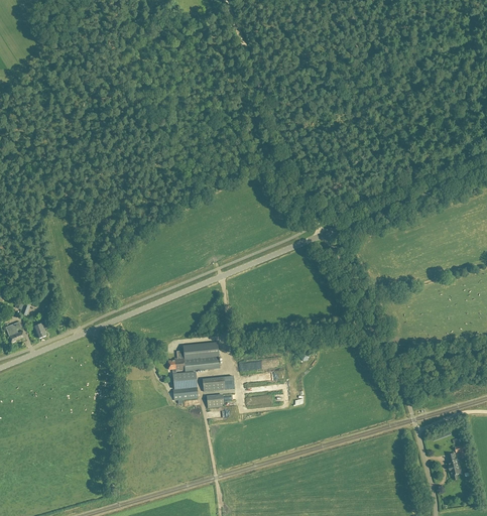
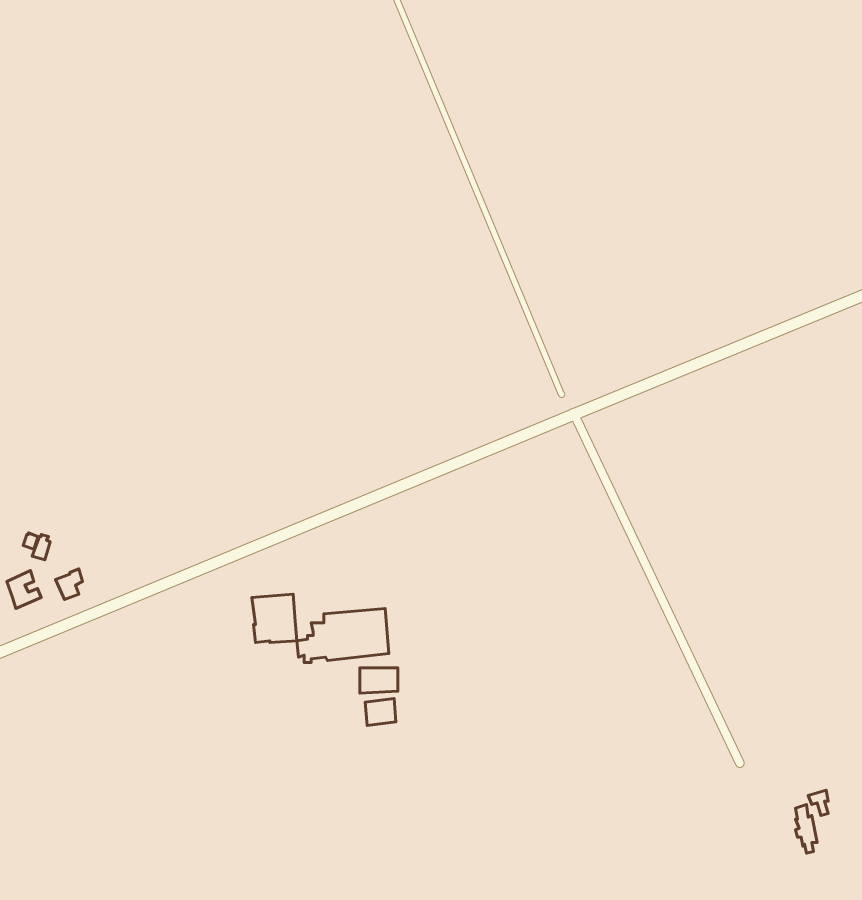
building: [172,371,198,398] -> [252,594,297,643]

